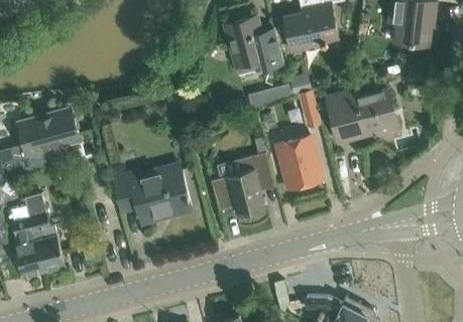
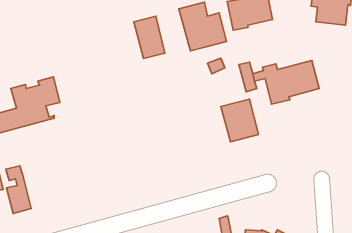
building: none -> [134,16,165,58]
building: [211,153,273,216] -> none
building: [112,164,191,224] -> none
building: [25,194,65,271] -> none

